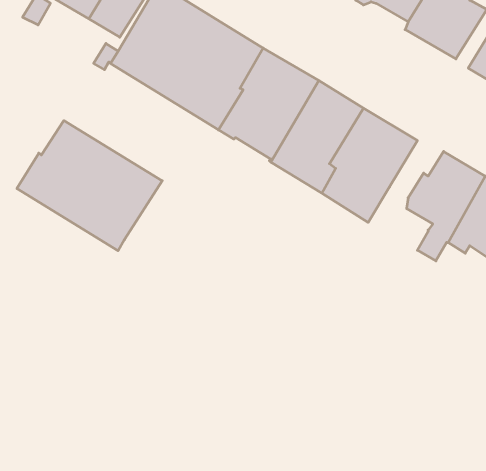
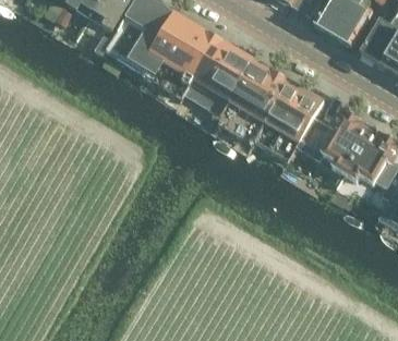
building: [17,121,162,251] -> none

